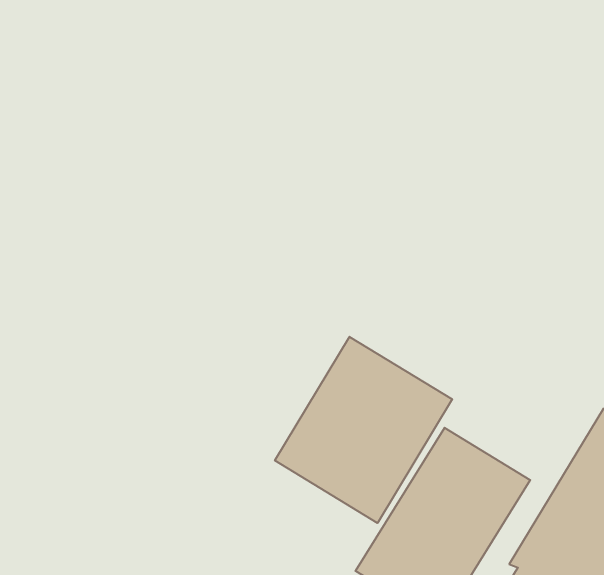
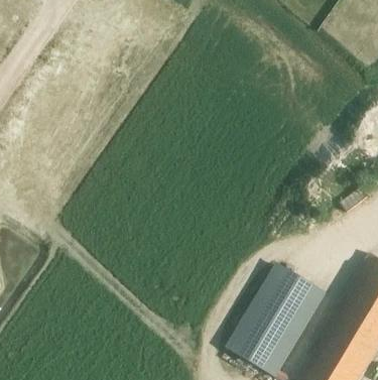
building: [275,337,452,523] -> none

